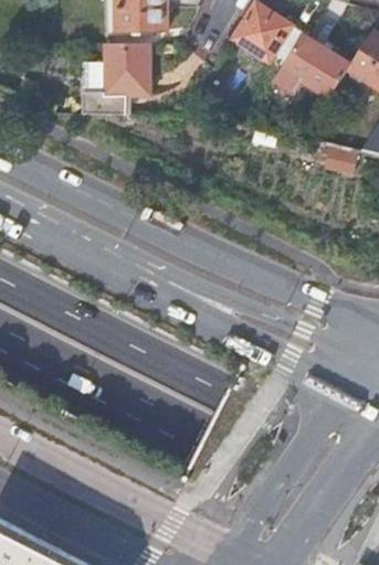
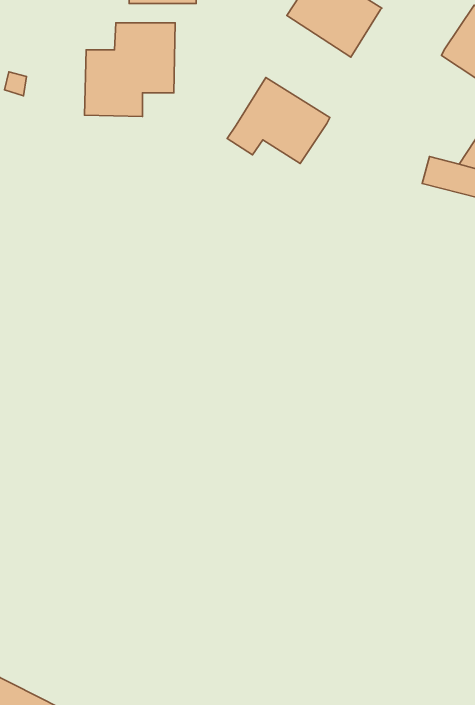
building: [275,35,351,99] -> [227,77,330,164]

